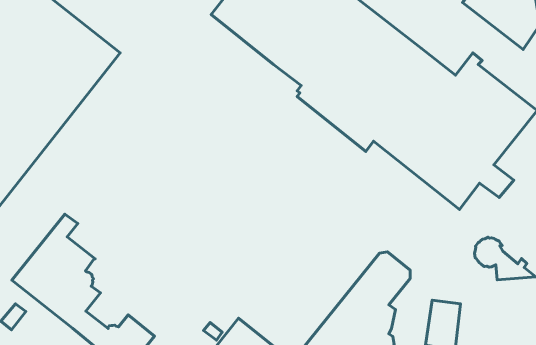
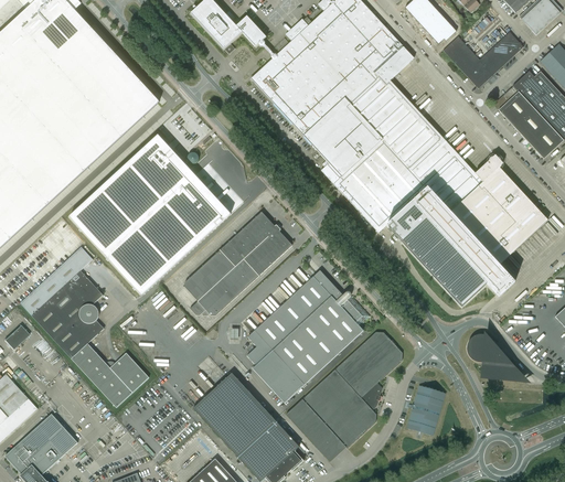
building: none -> [70,135,231,294]
building: none -> [184,212,291,314]
building: none -> [247,269,367,401]

